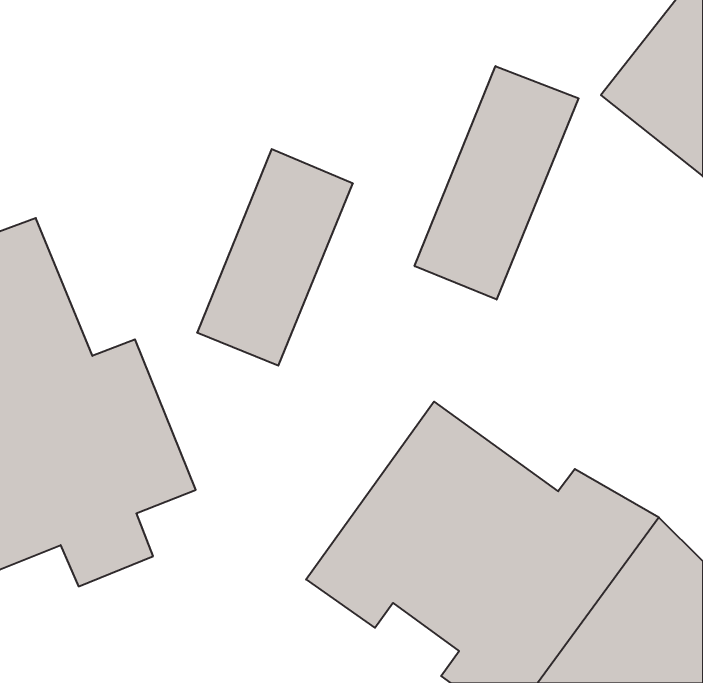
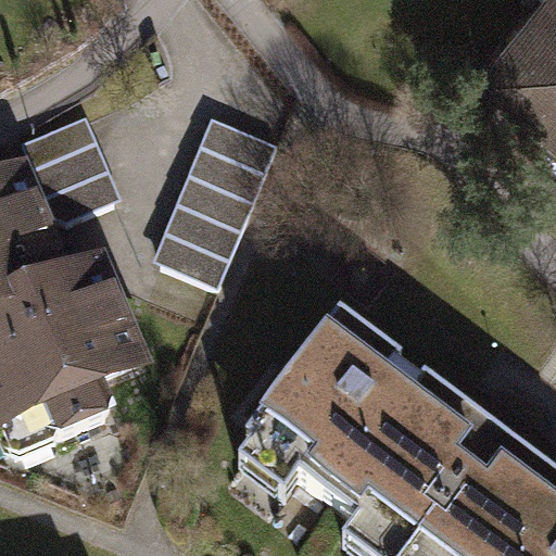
building: [415,66,579,300] -> none
building: none -> [23,118,118,226]

